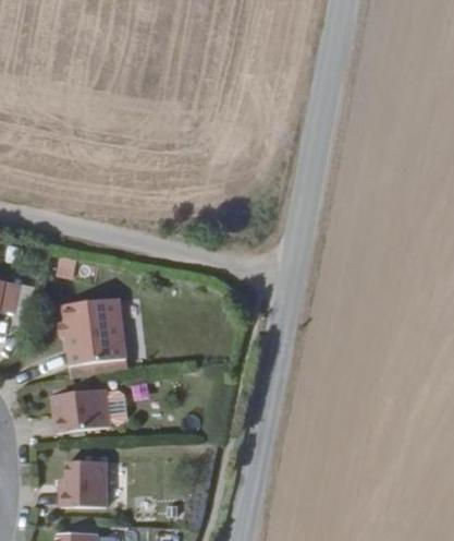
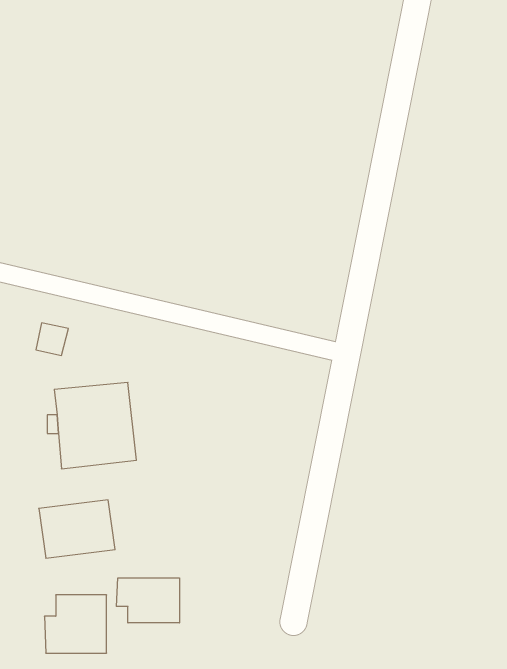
building: none -> [116,578,179,623]

